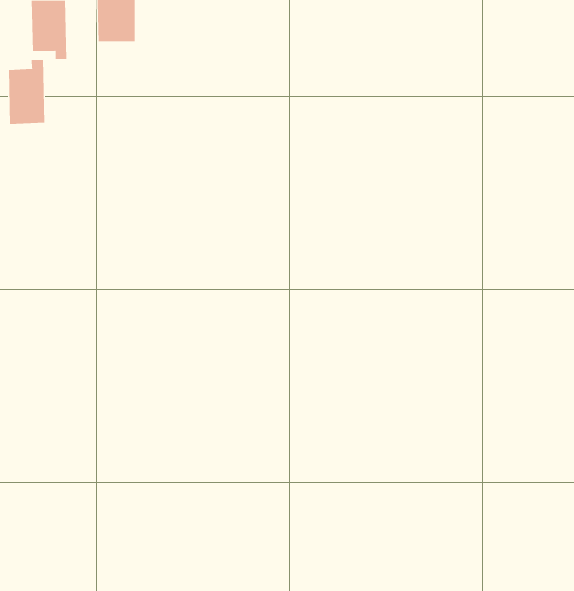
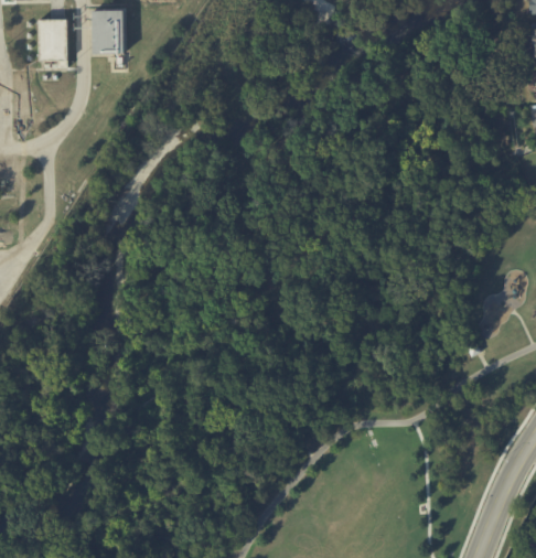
building: [9,59,45,125] -> none

